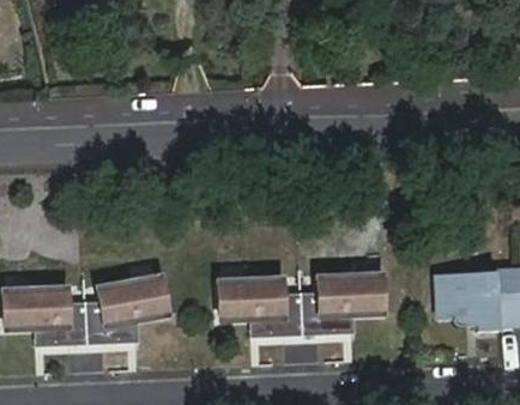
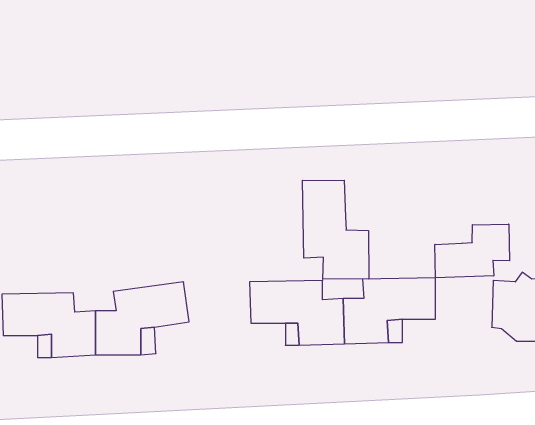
building: none -> [302,180,369,279]
building: none -> [435,224,509,278]

